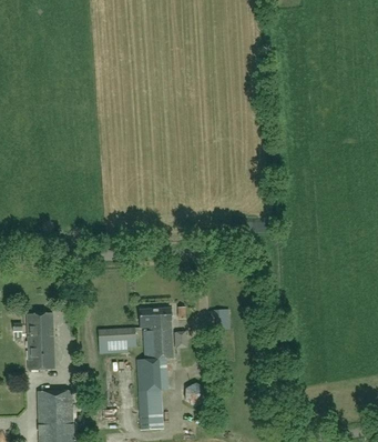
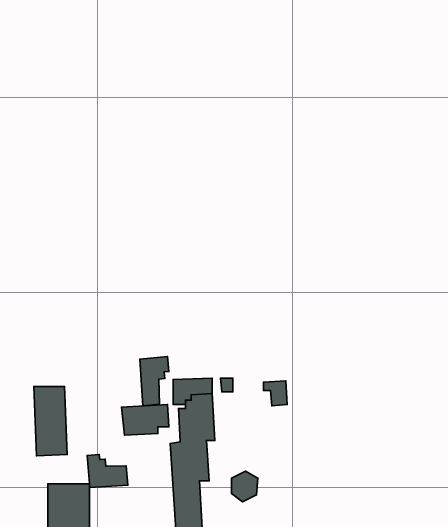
building: none -> [140,356,169,406]
building: none -> [87,454,128,487]

